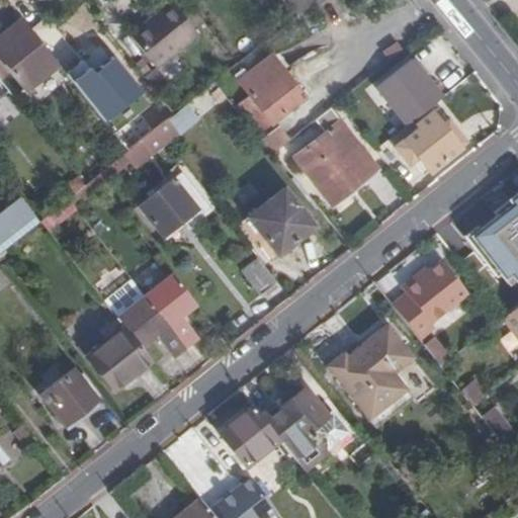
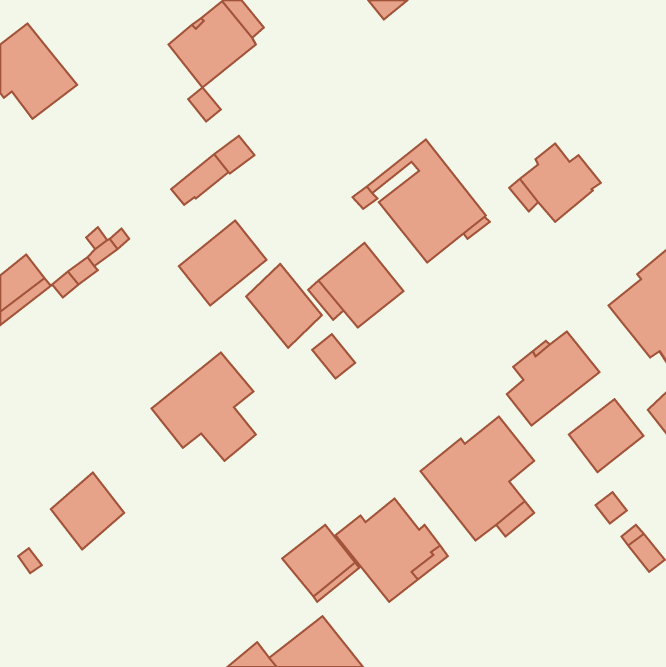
building: [235,55,307,131] -> none
building: [68,58,142,121] -> none
building: [378,60,441,124] -> none
building: none -> [246,264,322,348]
building: none -> [569,399,644,472]
building: [88,317,152,388] -> none

